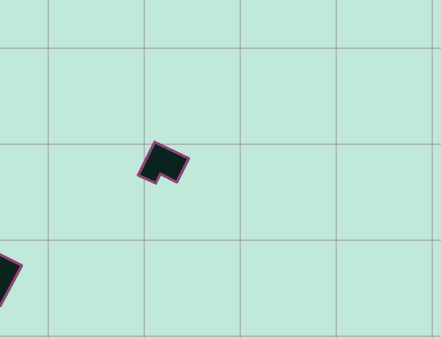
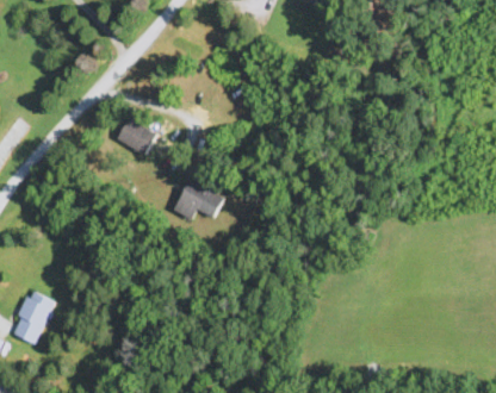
building: none -> [117,118,156,155]

